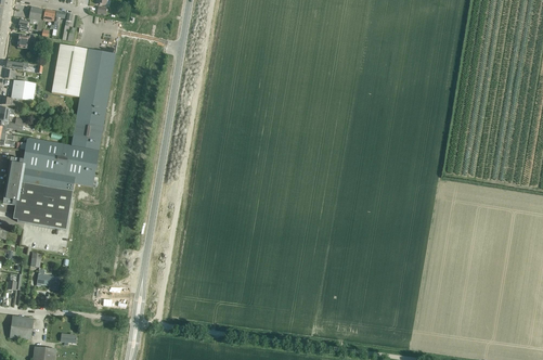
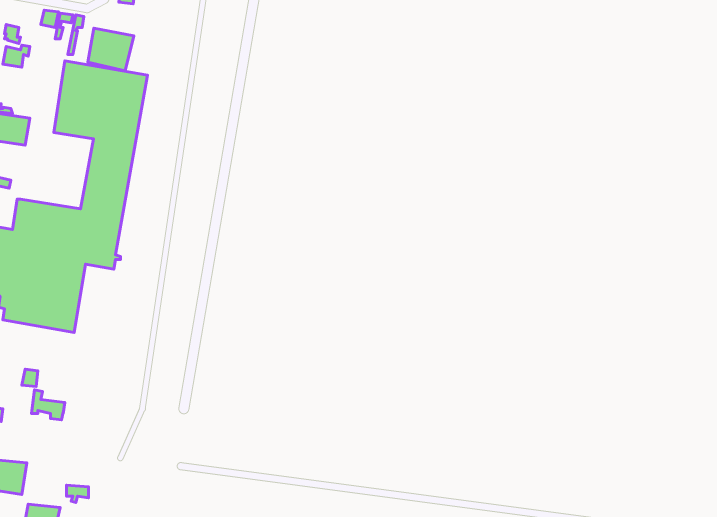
building: none -> [88,28,134,71]

